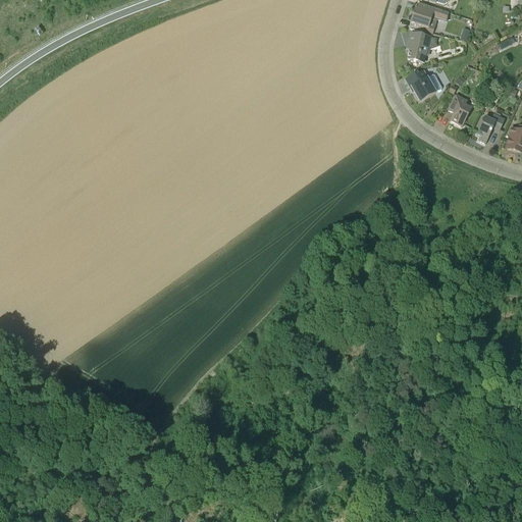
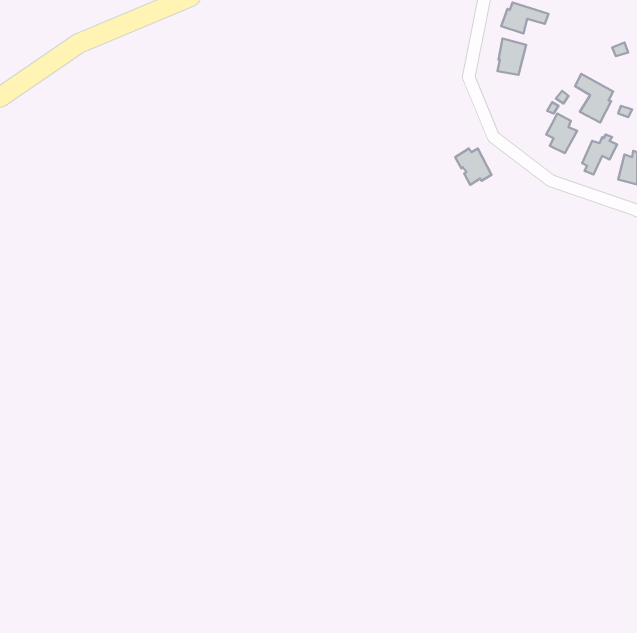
building: none -> [575,74,613,122]
building: [406,70,435,100] -> [455,149,491,185]

